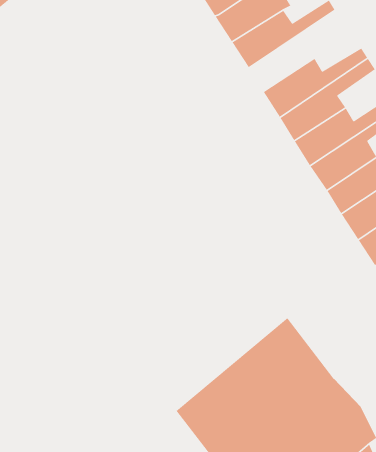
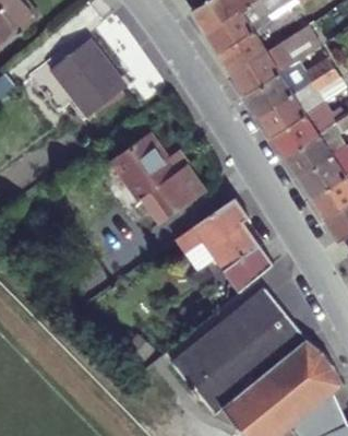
building: none -> [233,27,312,96]
building: none -> [47,40,122,117]
building: none -> [108,131,204,224]
building: none -> [176,197,274,292]

